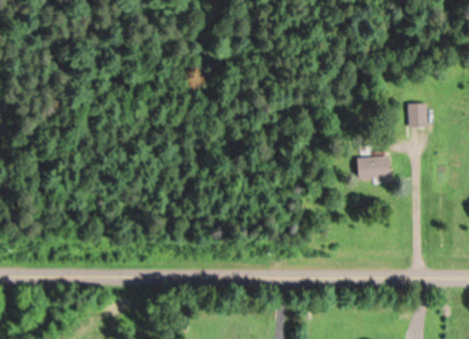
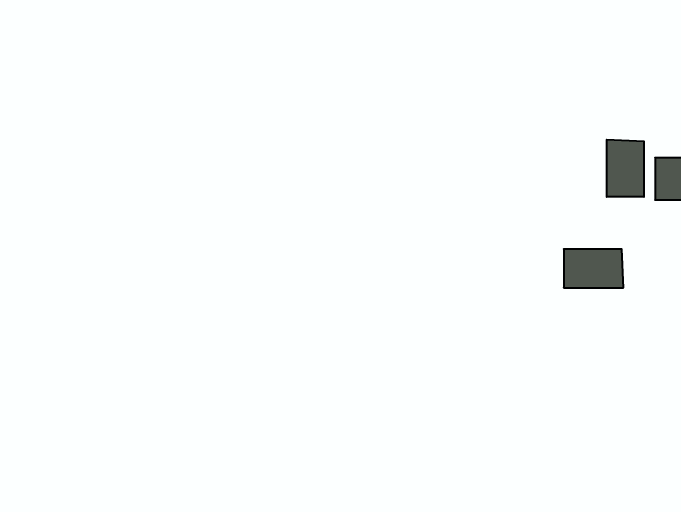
building: none -> [607,140,644,197]

